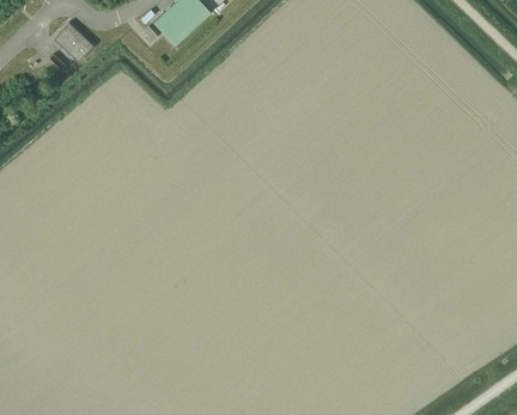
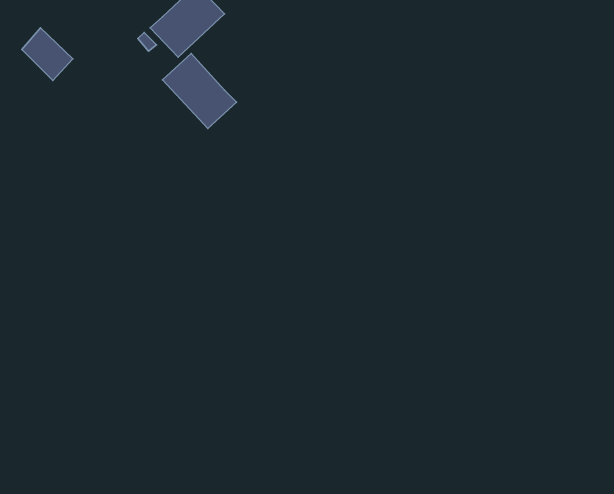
building: none -> [163,54,237,129]

